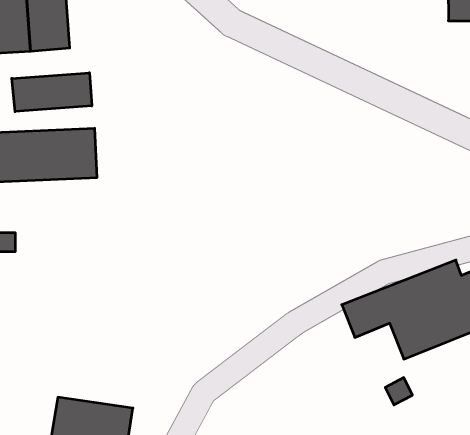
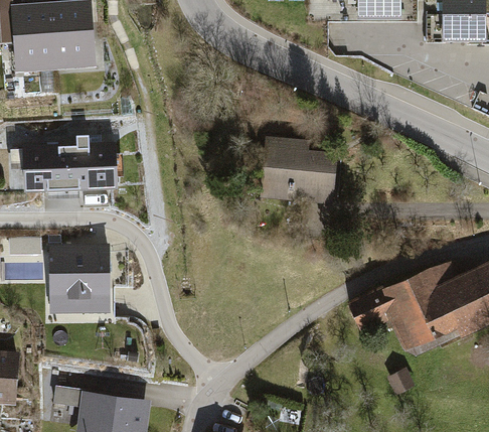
building: [12,73,92,112] -> none
building: none -> [256,137,335,207]
building: none -> [49,243,110,312]

